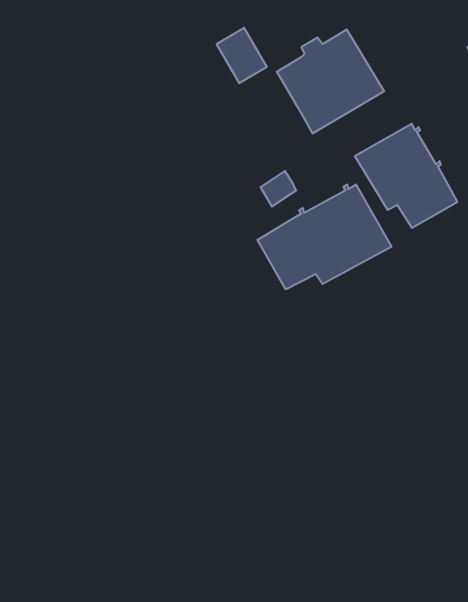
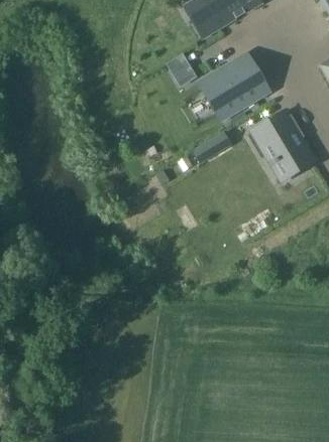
building: [257,184,392,289] -> none

